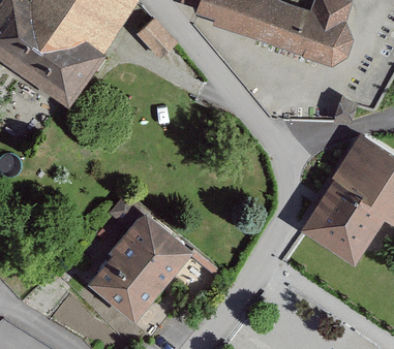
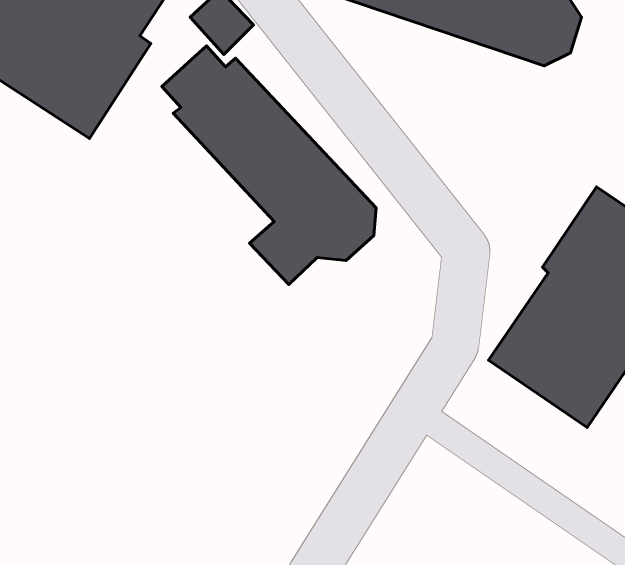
building: none -> [162,46,376,285]
building: [87,213,191,321] -> none

